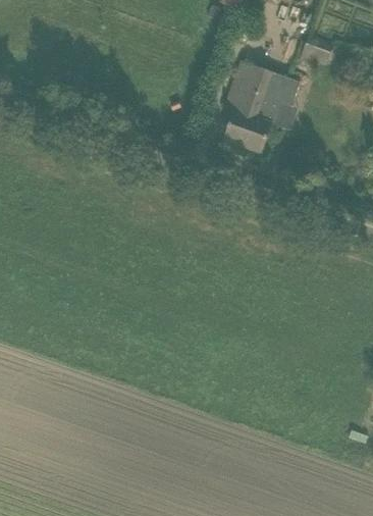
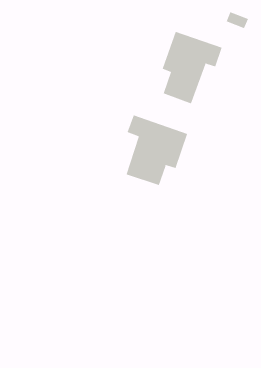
building: none -> [126,114,188,186]

